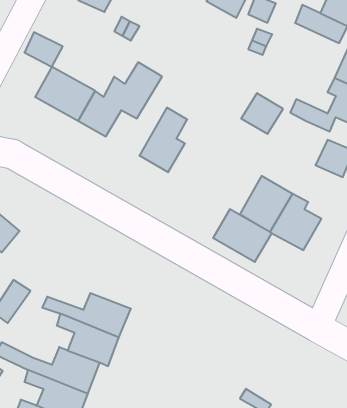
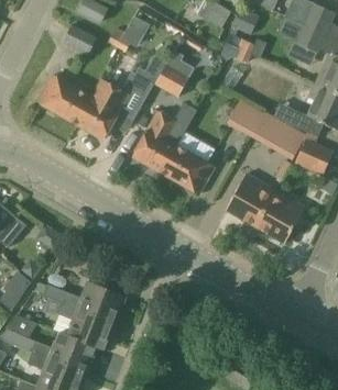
building: [24,32,63,67] -> [63,24,98,56]
building: none -> [156,63,190,96]
building: none -> [251,112,306,159]
building: [213,209,272,262] -> [160,144,214,192]

